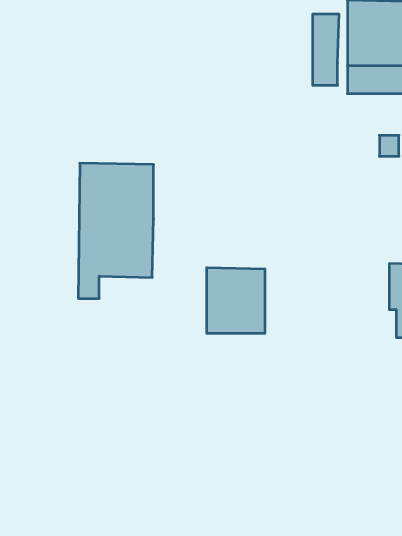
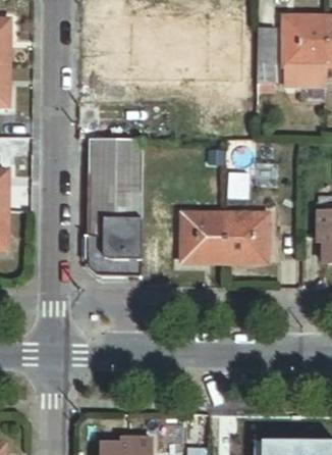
building: none -> [225,213,268,261]
building: none -> [88,218,143,275]

